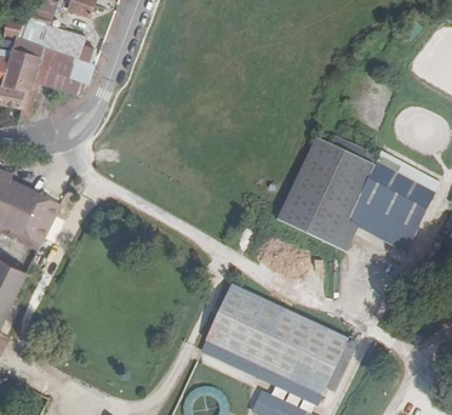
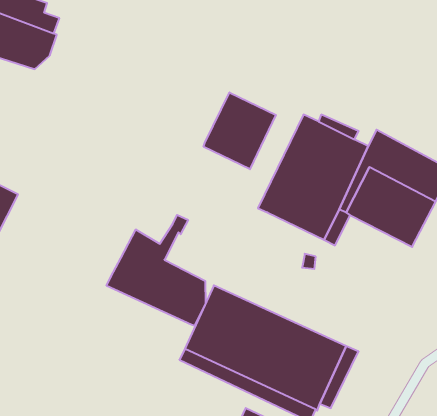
building: none -> [204,92,276,169]
building: none -> [107,215,206,326]

